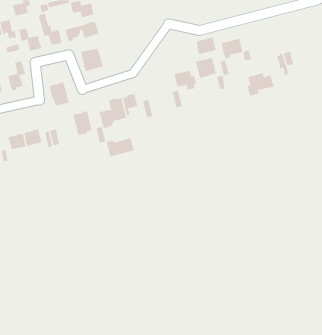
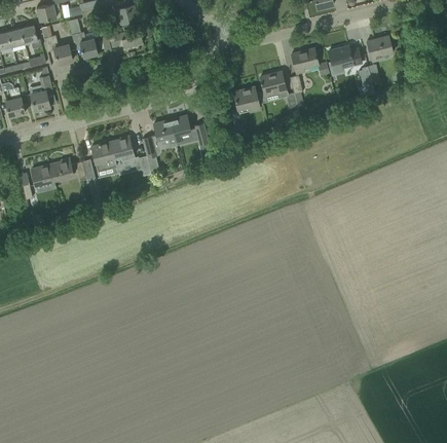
building: none -> [366,35,392,61]
building: [196,36,216,55] -> none
building: [80,48,103,72] -> none
building: [247,73,275,96] -> [327,45,361,74]
building: [49,82,69,106] -> [90,141,115,171]
building: [106,137,134,157] -> none

